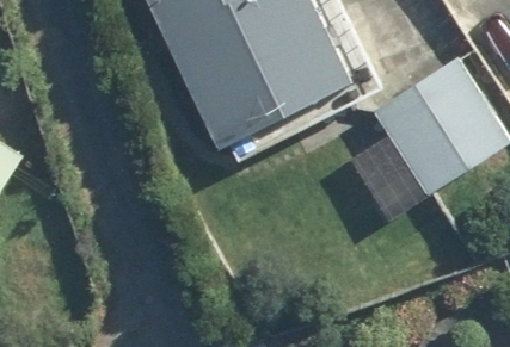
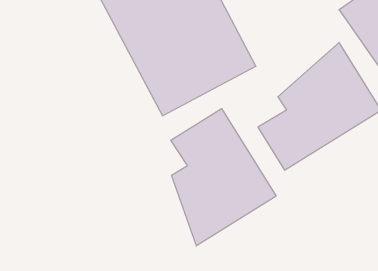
building: none -> [171,109,276,246]

